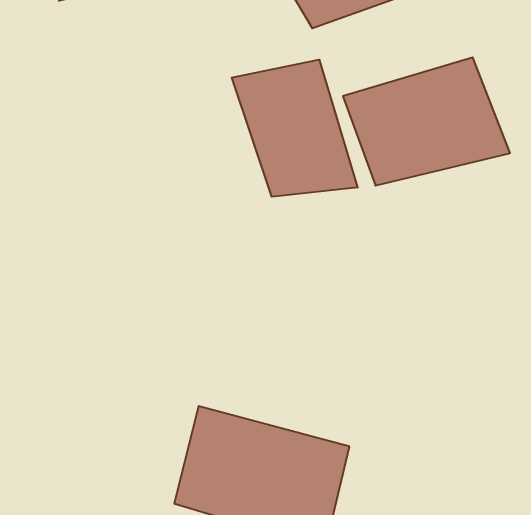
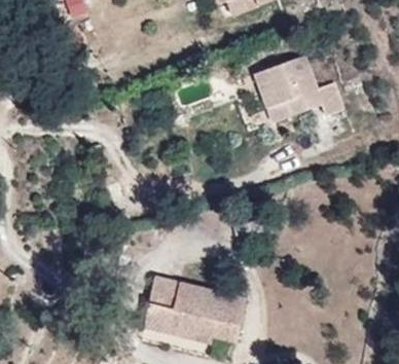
building: [232,60,358,197] -> none

